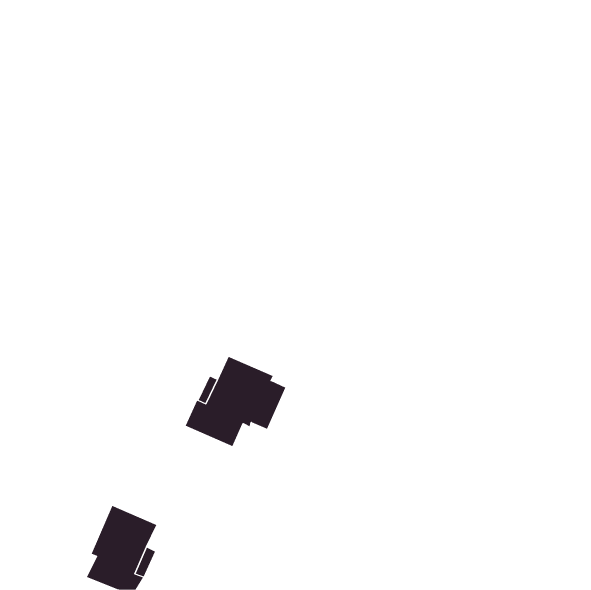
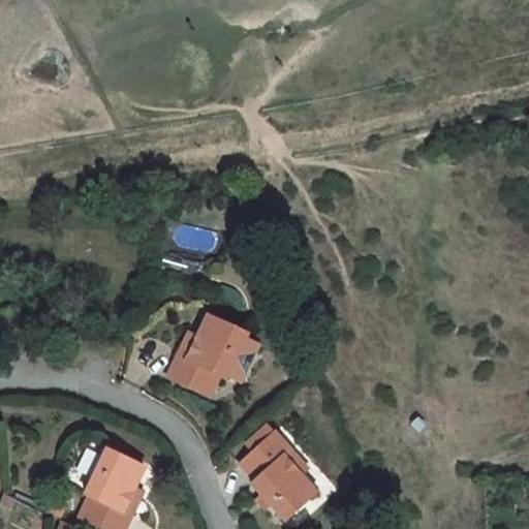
building: none -> [245,432,317,519]

